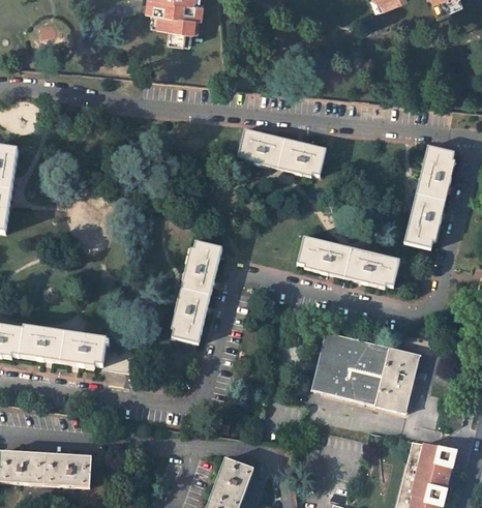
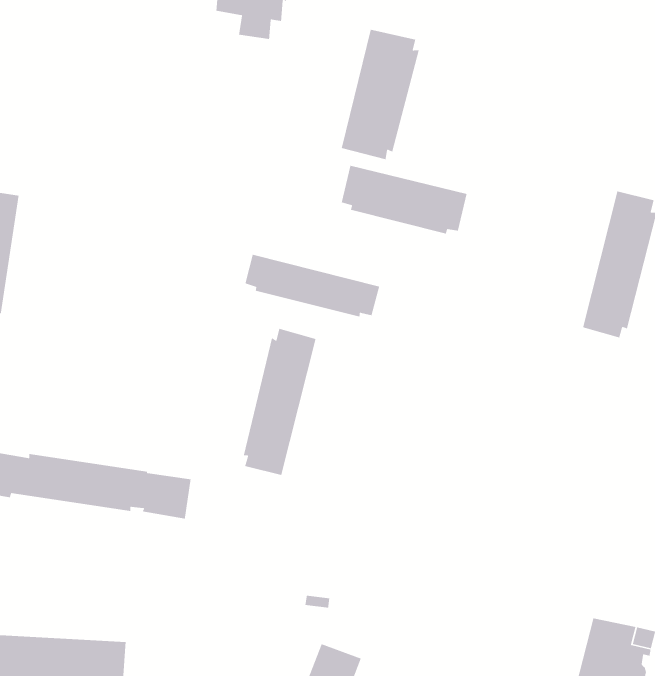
building: none -> [341,29,420,160]
building: none -> [244,254,380,317]
building: [298,237,399,288] -> none
building: [311,331,420,413] -> none

